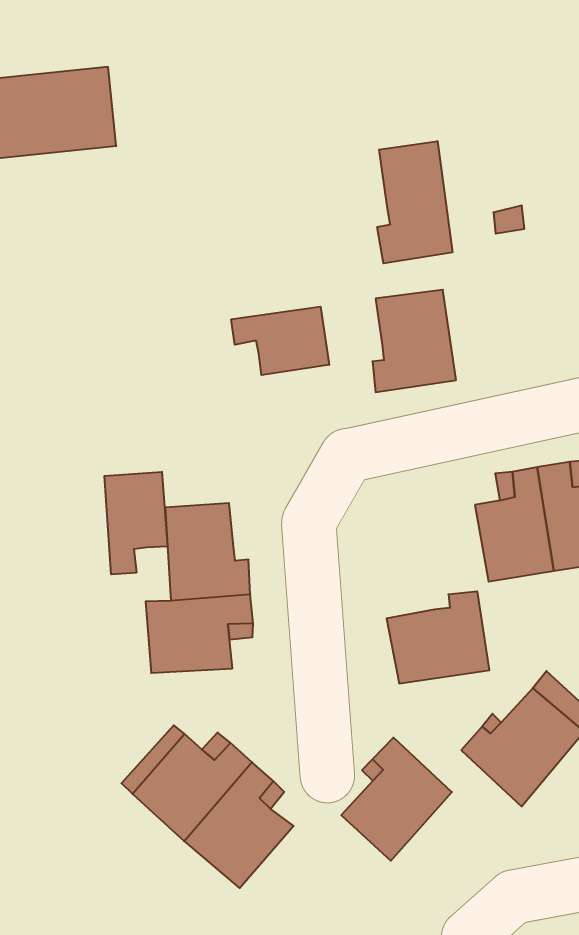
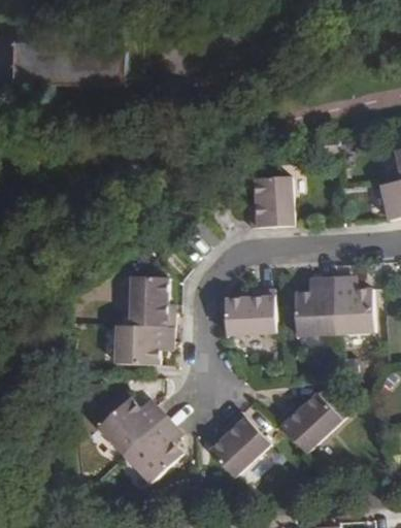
building: [377,141,452,263] -> none
building: [231,307,329,375] -> none
building: [104,472,168,574] -> none
building: [387,591,489,683] -> [225,290,276,334]

